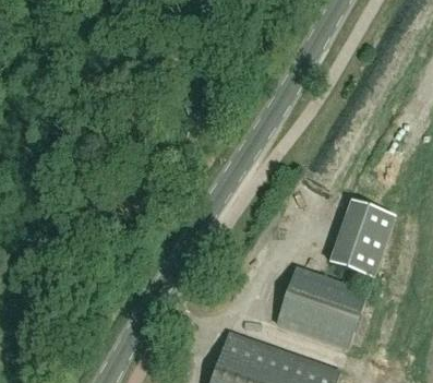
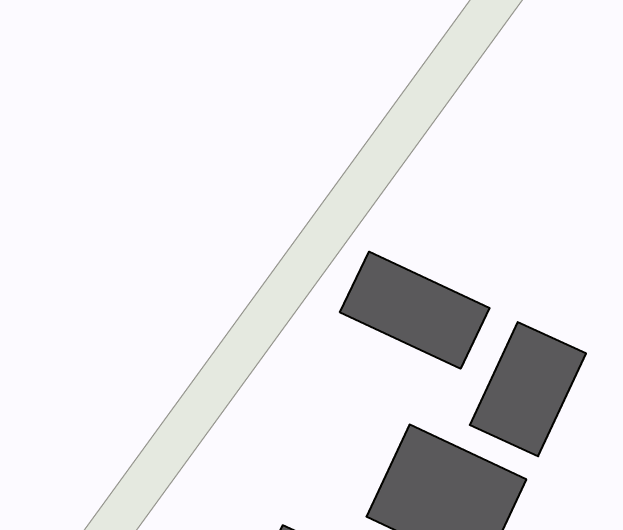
building: none -> [340,252,490,369]

